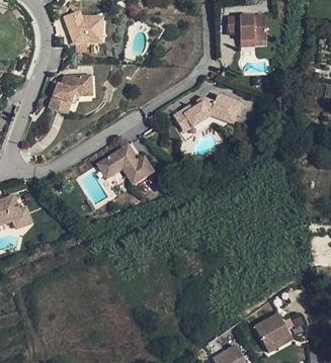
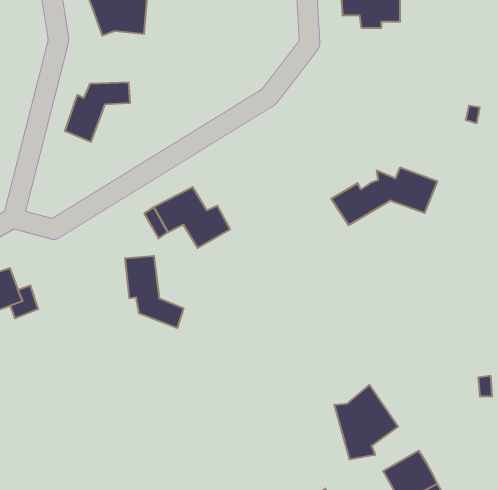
building: [173,94,242,131] -> [331,168,437,225]
building: none -> [125,256,183,328]
building: none -> [334,385,398,459]

